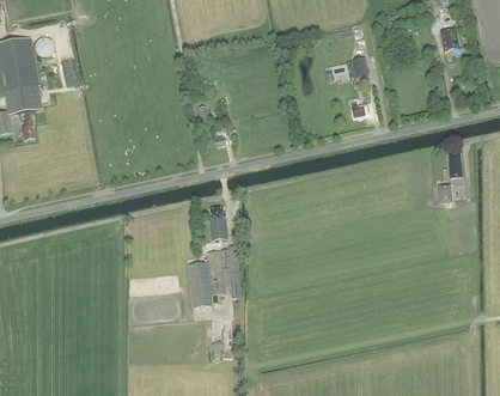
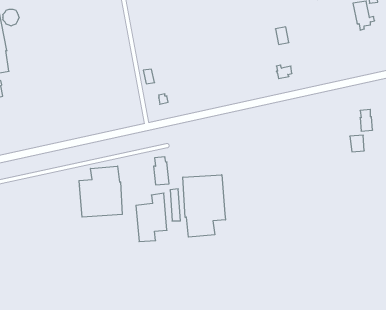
building: none -> [79,166,122,217]
building: none -> [183,175,225,237]

